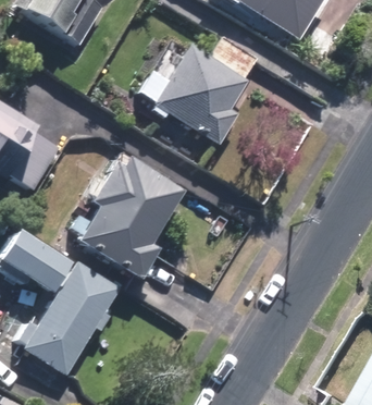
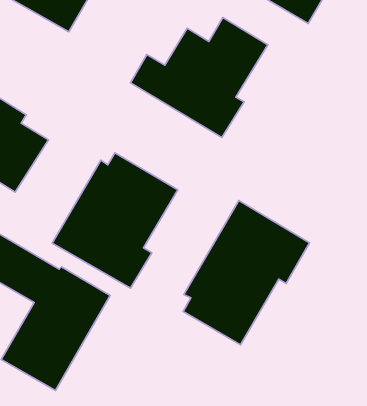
building: none -> [183,201,310,345]

